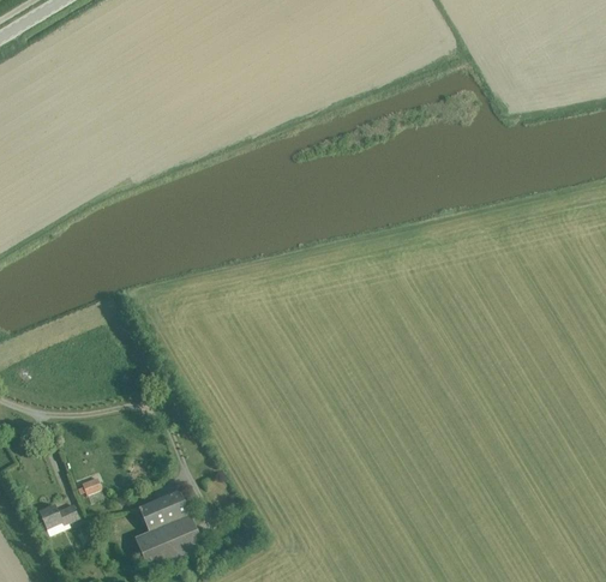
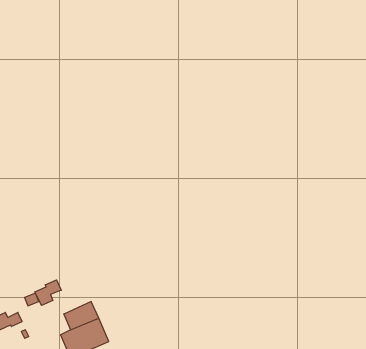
building: none -> [35,280,61,305]

